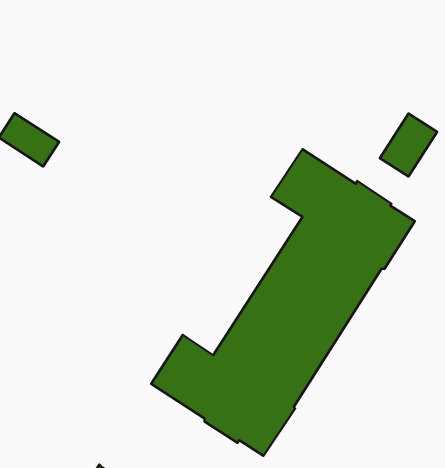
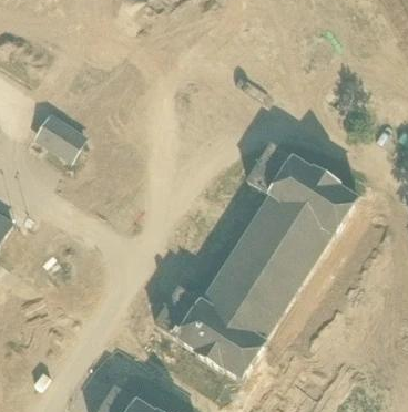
building: [380,114,437,176] -> none

